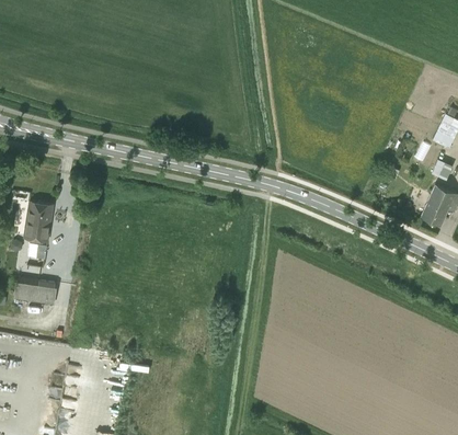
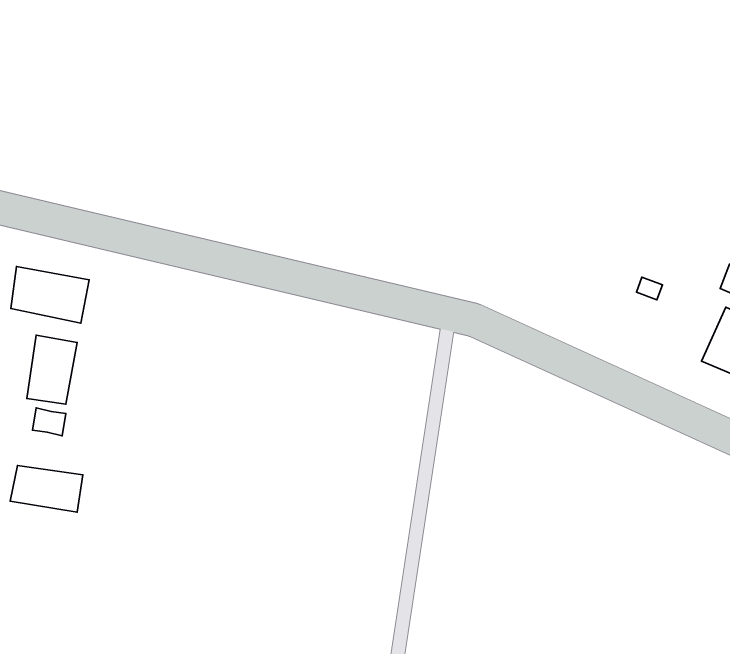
building: none -> [11,266,89,323]

